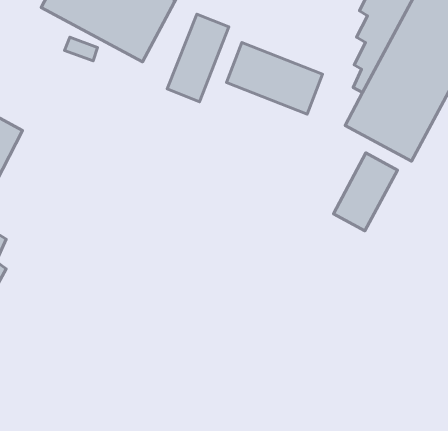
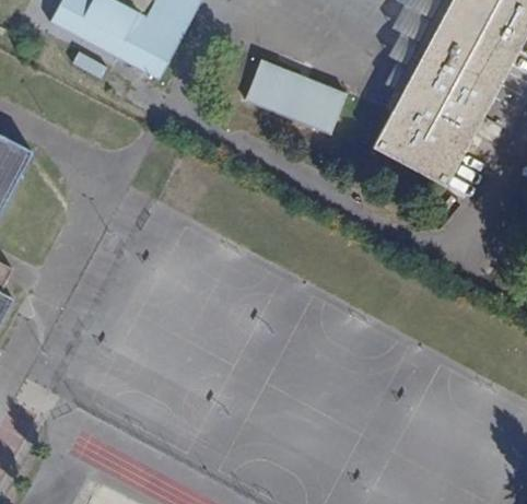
building: [167,14,229,102] -> none
building: [333,153,397,231] -> none

